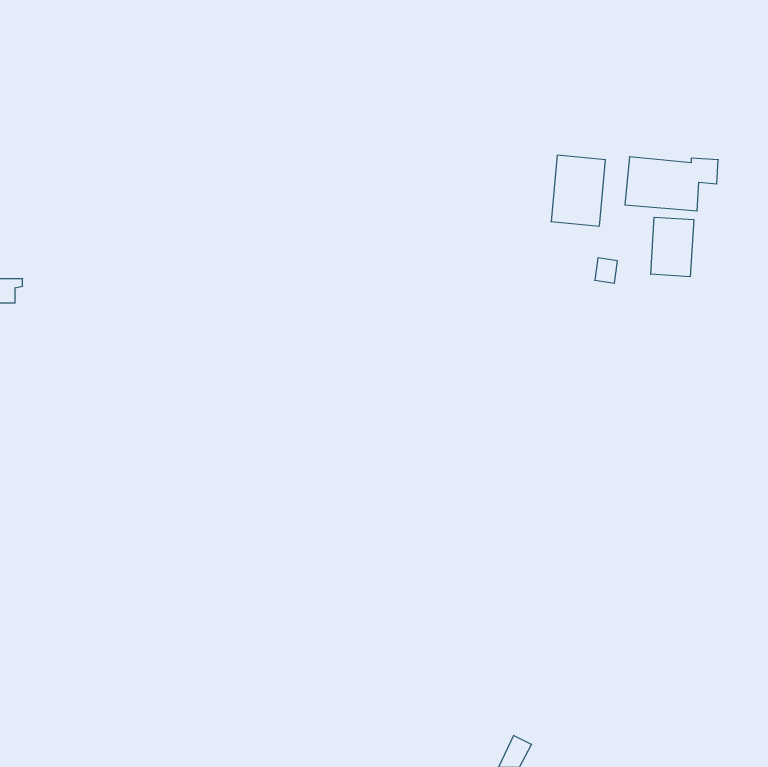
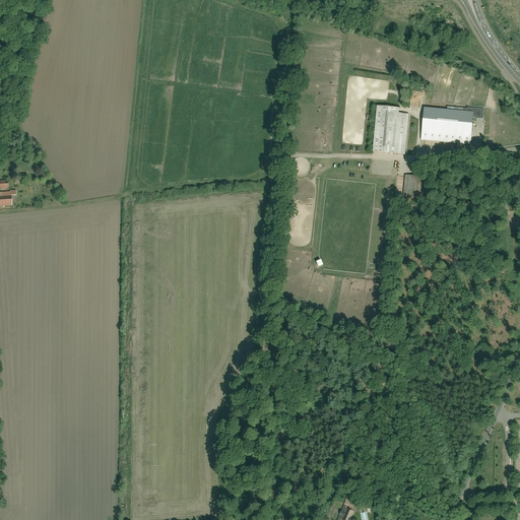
building: [651,217,694,277] -> none

